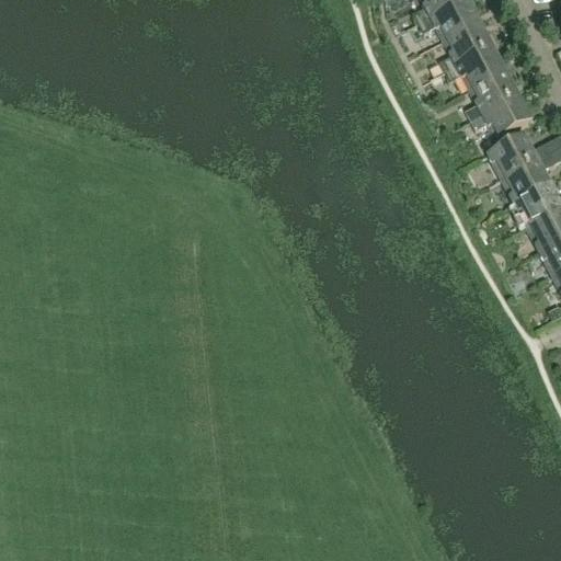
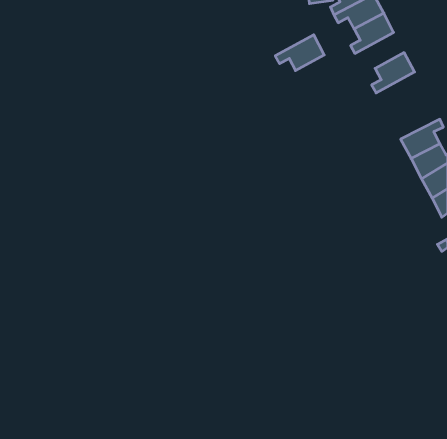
building: [445,41,506,85] -> [275,35,324,71]
building: [471,90,533,135] -> none
building: [489,129,551,174] -> none

